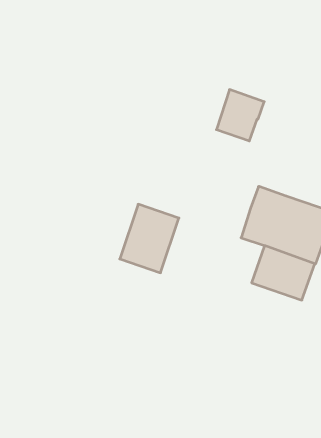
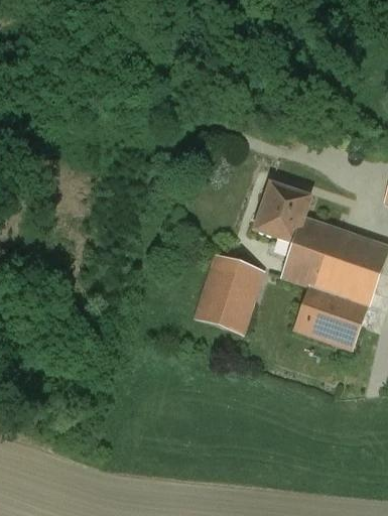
building: [216,90,264,141] -> [255,182,310,242]
building: [120,204,179,273] -> [196,253,264,333]

